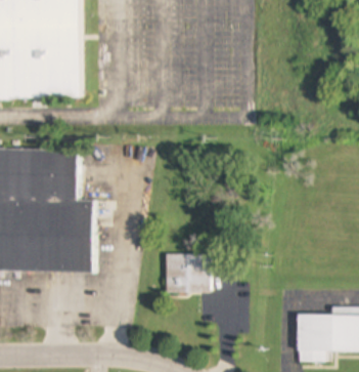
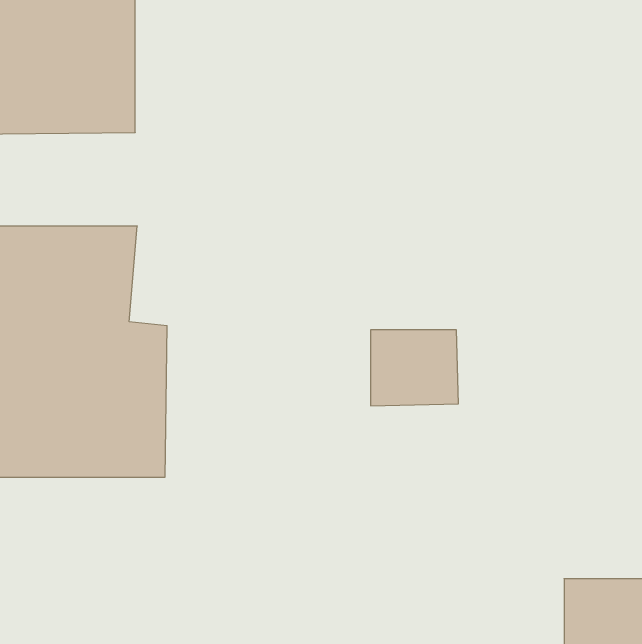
building: [166,260,211,299] -> [371,330,458,406]

